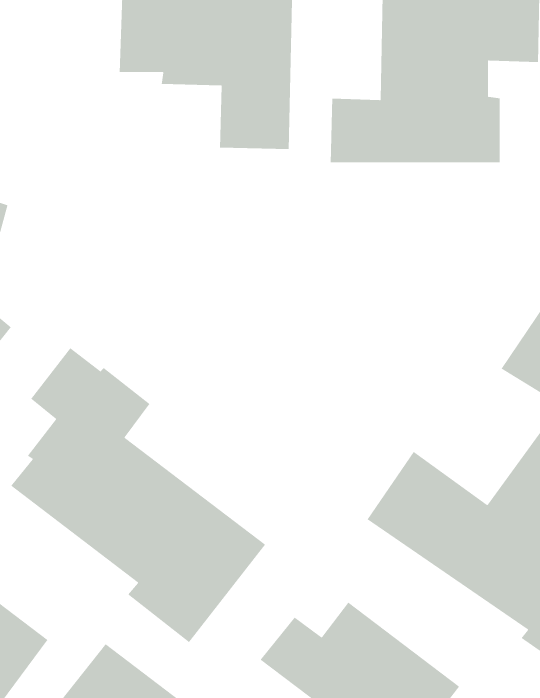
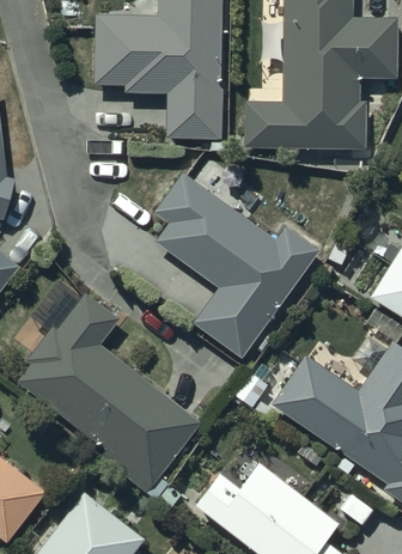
building: none -> [153,178,317,360]

